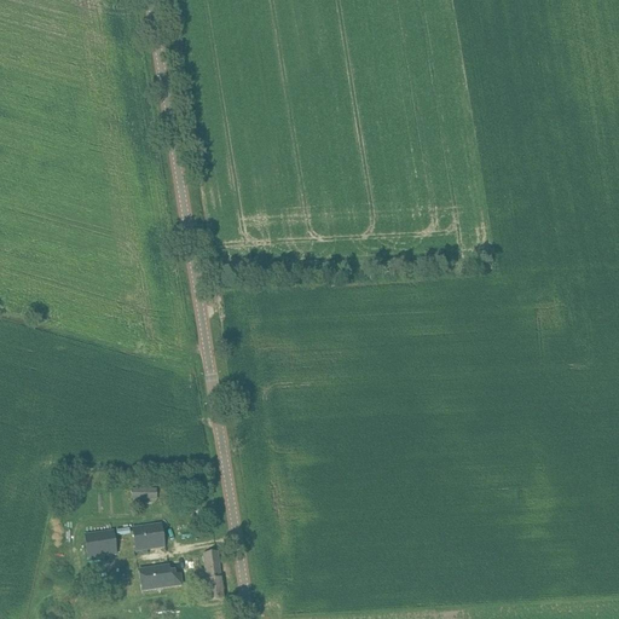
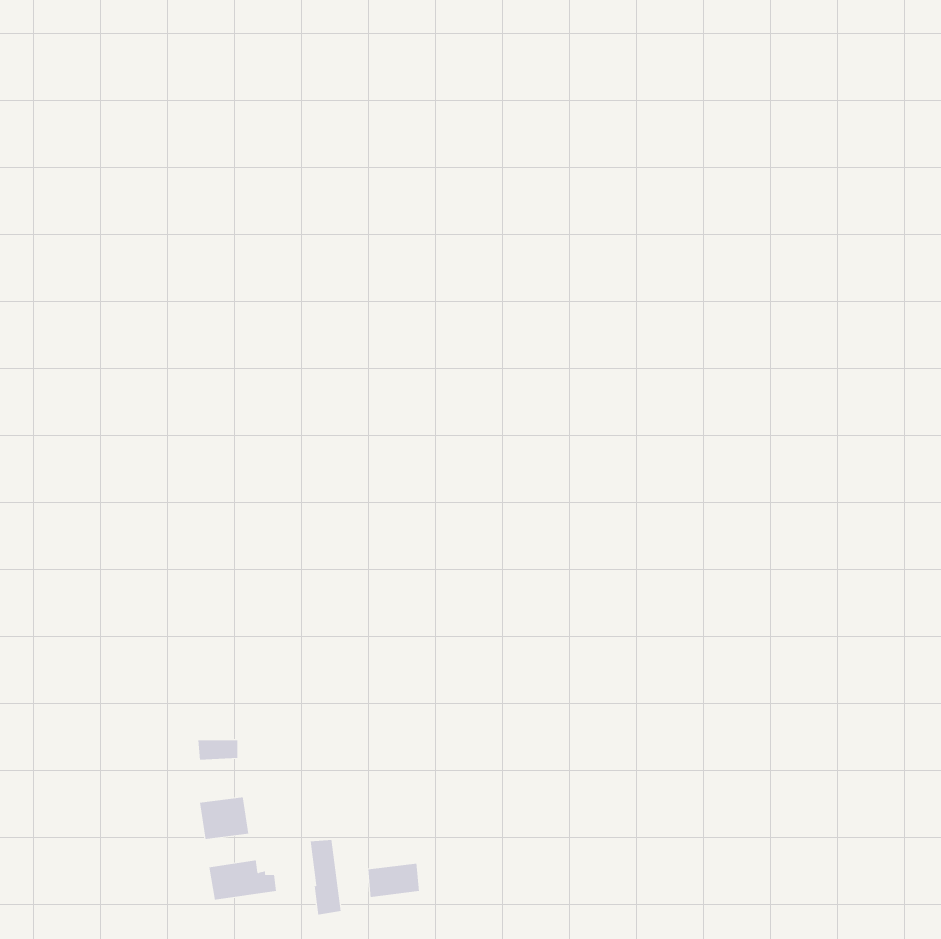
building: [86,531,117,555] -> none
building: none -> [368,863,419,898]

